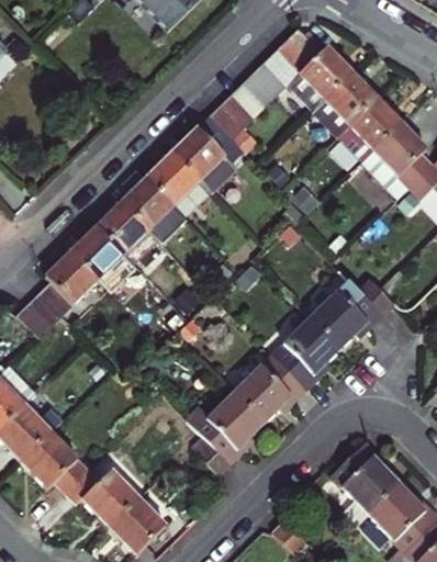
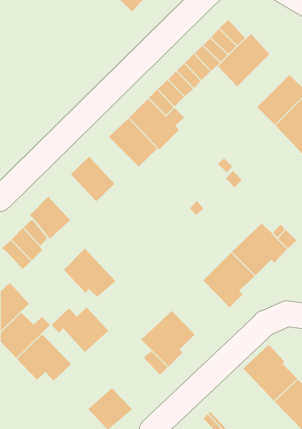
building: [311,71,377,138] -> none
building: [124,176,182,235] -> none
building: [72,223,139,285] -> [63,248,116,298]
building: [228,357,301,425] -> none
building: [79,461,153,519] -> [51,307,109,353]

